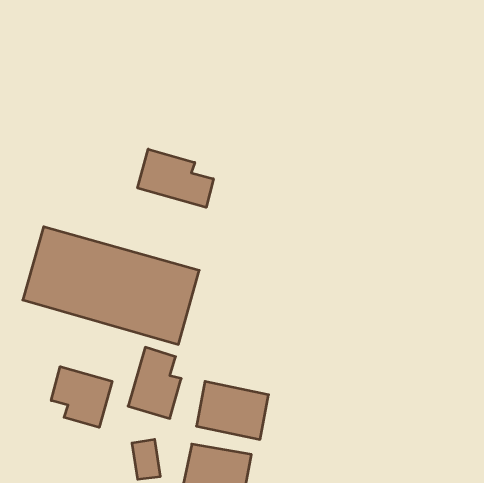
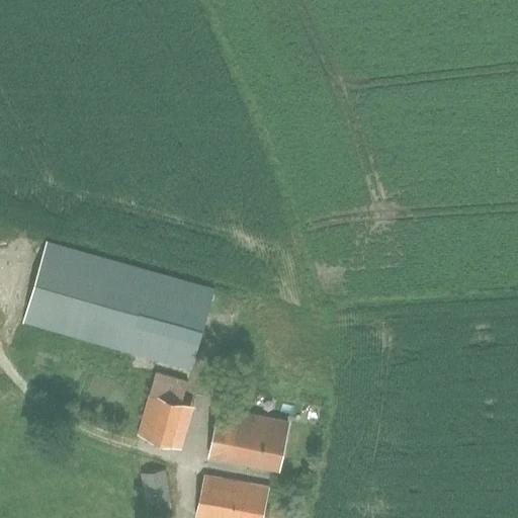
building: [138,149,213,207] -> none
building: [51,367,112,427] -> none

